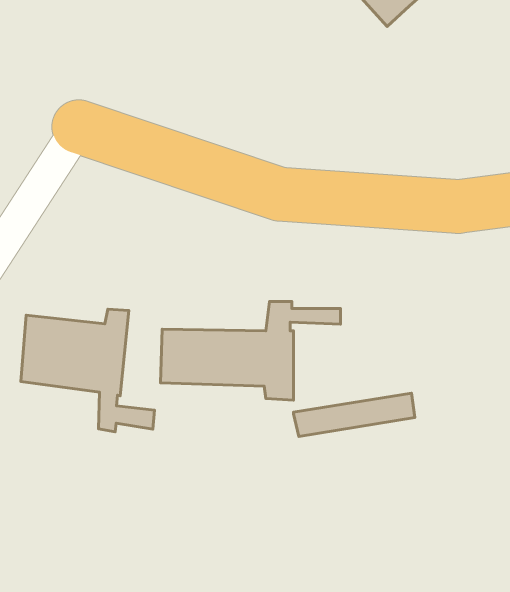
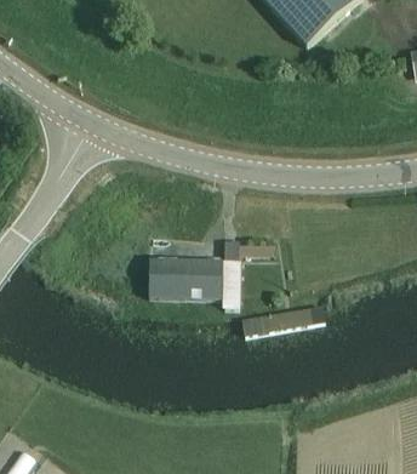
building: [21,309,155,432] -> none

